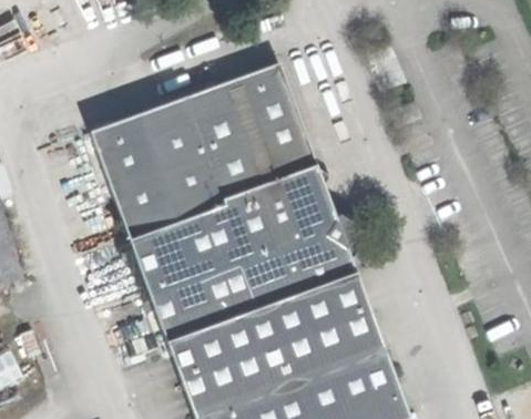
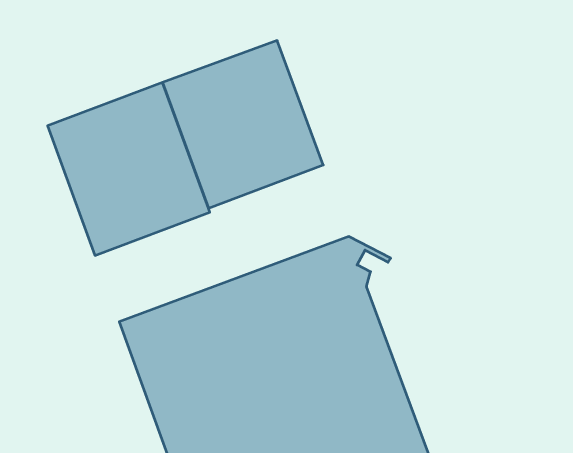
building: [130,163,338,292] -> none

